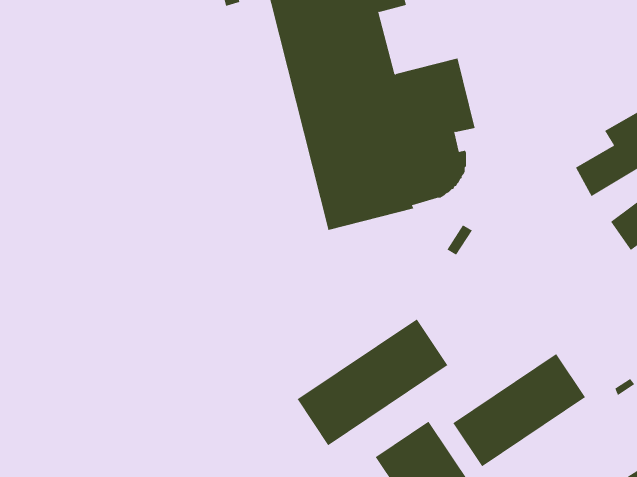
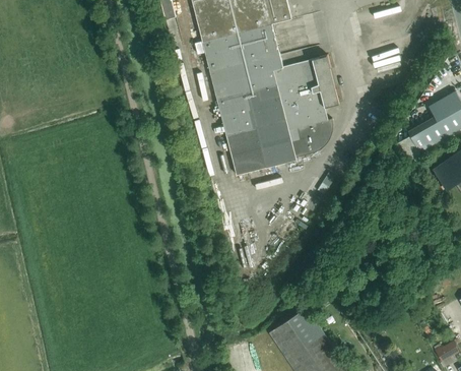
building: [297,318,448,446] -> none
building: [453,353,586,467] -> none

